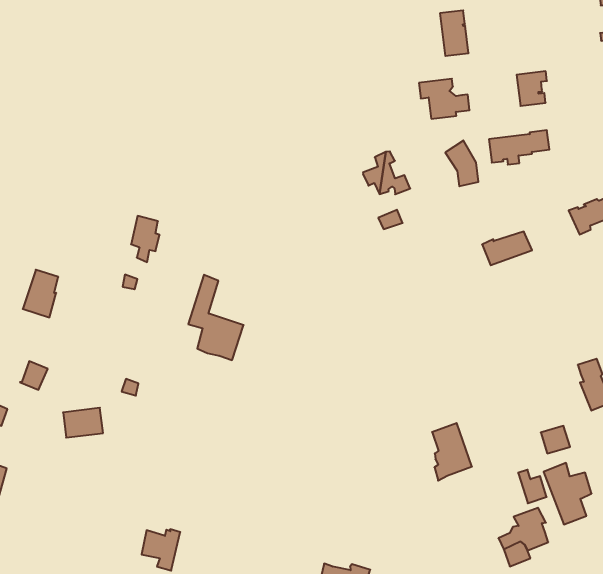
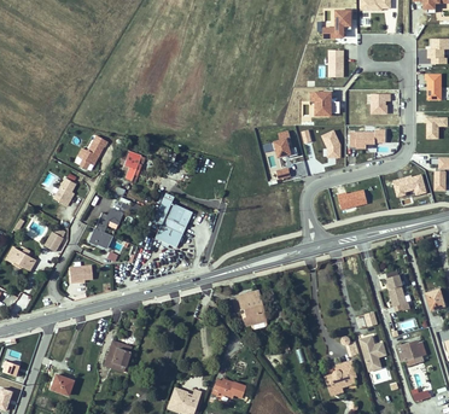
building: none -> [74,135,106,171]
building: none -> [89,209,122,247]
building: [432,423,472,481] -> [243,292,266,326]

